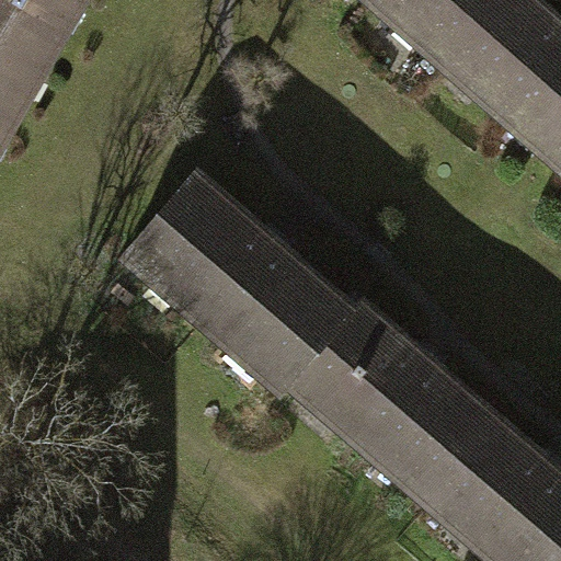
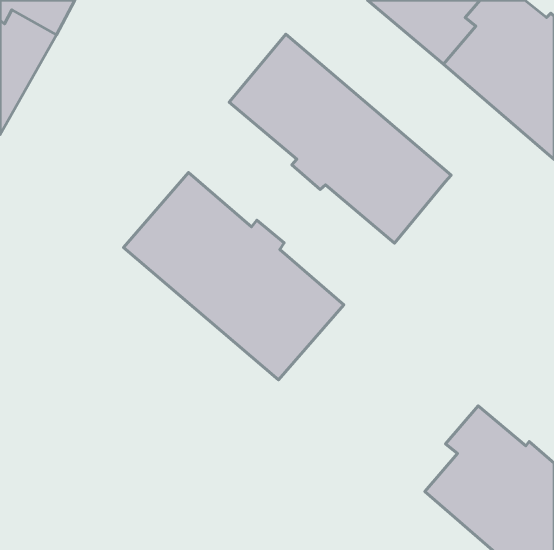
building: none -> [229,34,451,243]
building: [288,304,483,501] -> none

